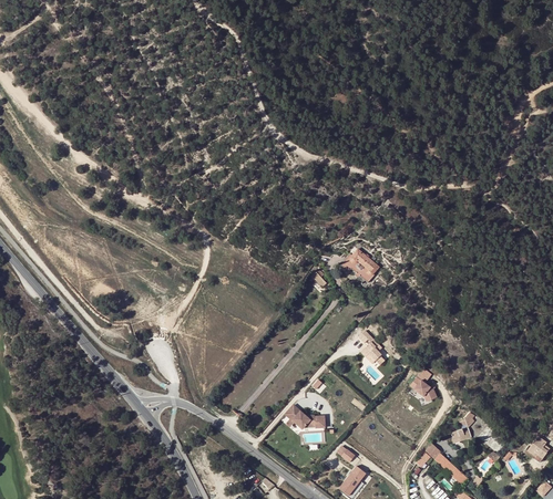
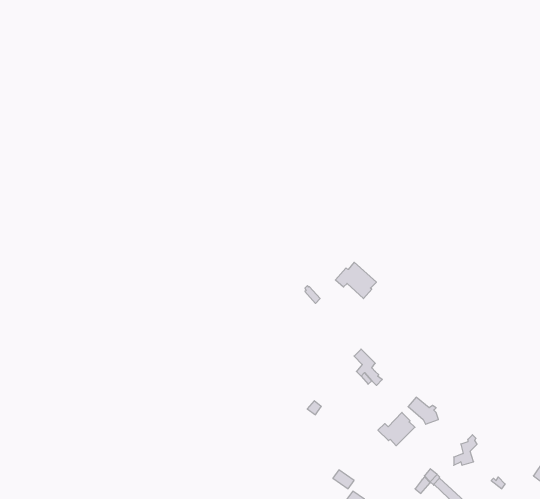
building: none -> [378,412,415,446]
building: [285,405,325,428] -> none

